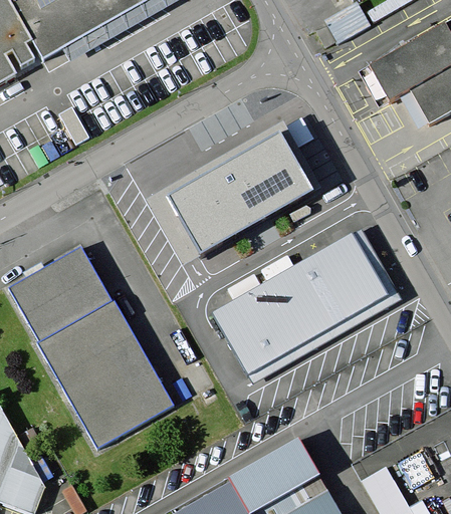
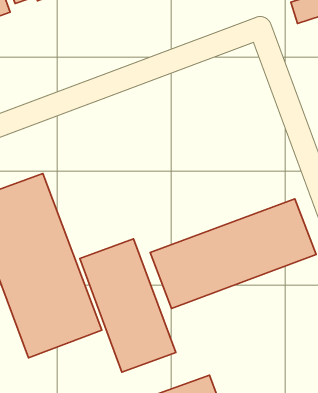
building: [167,128,313,250] -> none
building: none -> [80,239,176,372]

